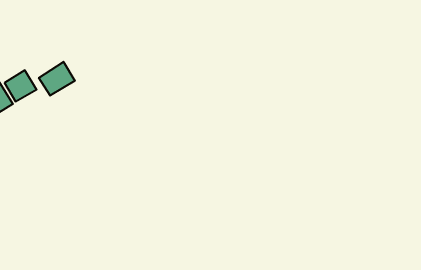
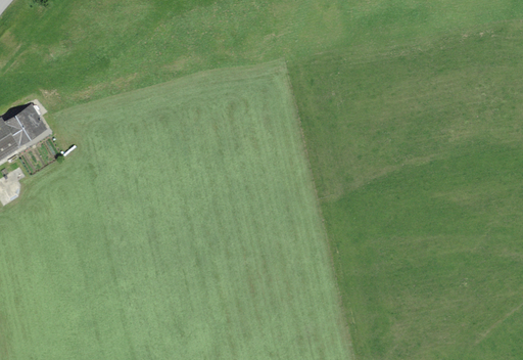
building: [39,62,75,96] -> none

